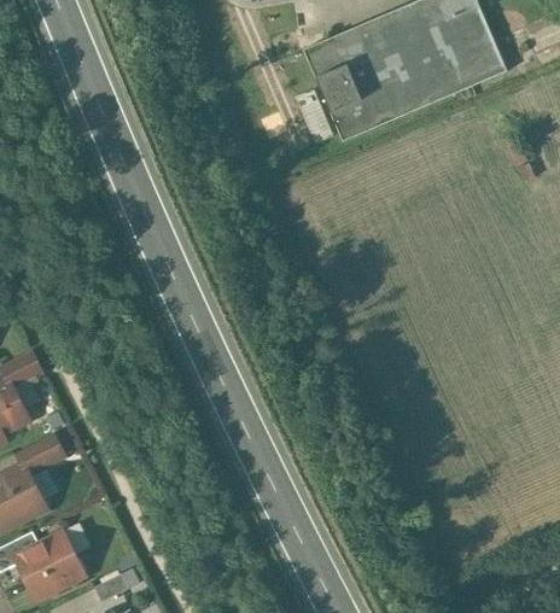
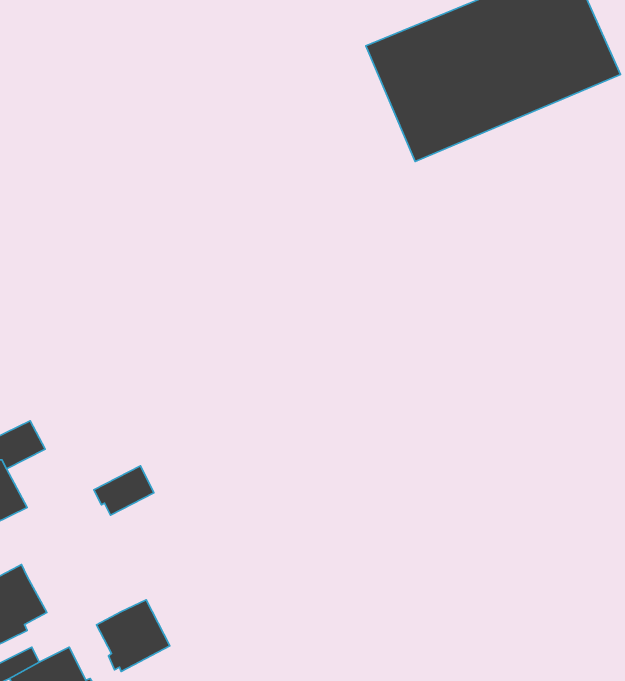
building: [16,434,64,474] -> [94,466,154,515]
building: none -> [96,600,170,672]

